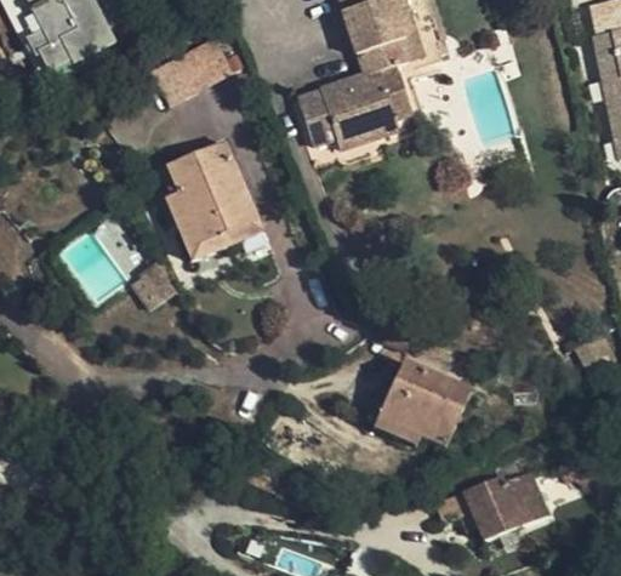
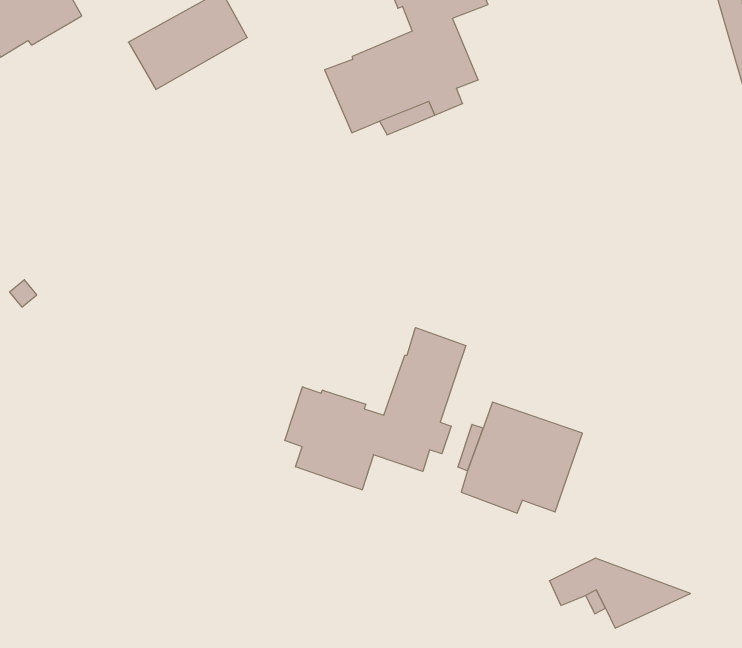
building: [163,142,262,258] -> none
building: none -> [285,328,466,490]
building: [473,471,548,518] -> none

